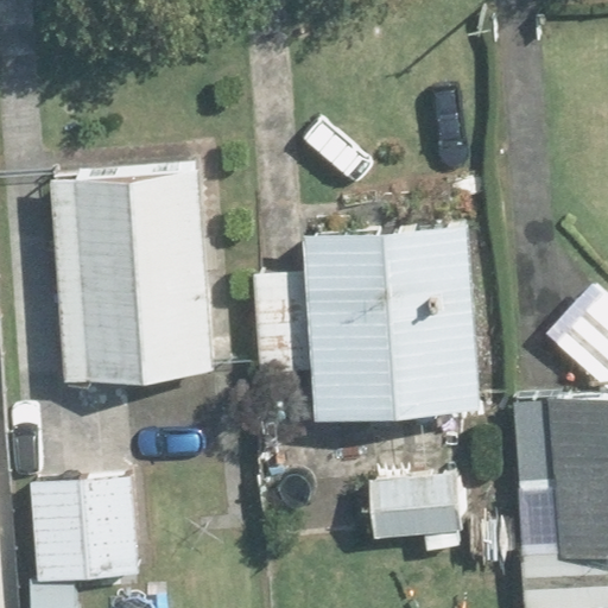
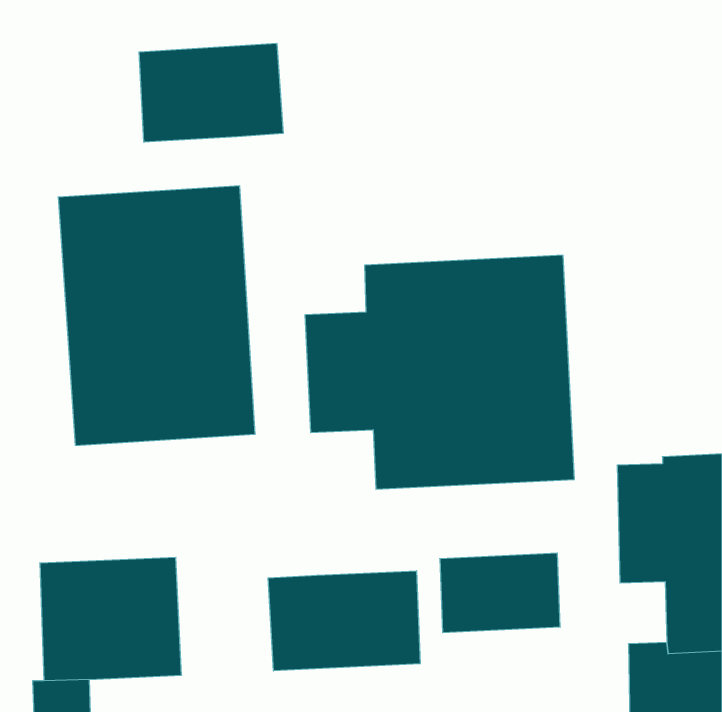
building: none -> [139,43,283,142]
building: none -> [268,571,420,671]

